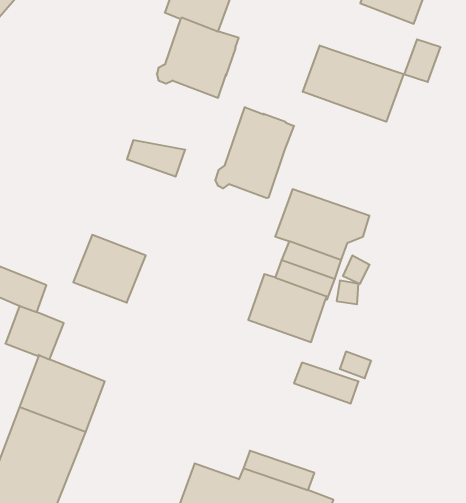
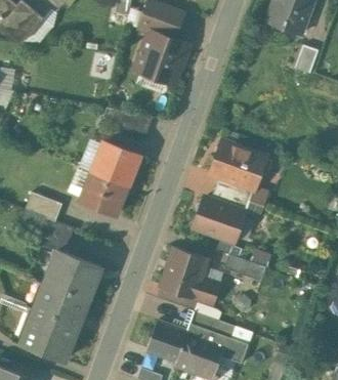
building: [303,45,404,122] -> none
building: [215,107,294,198] -> none
building: none -> [91,142,138,185]
building: none -> [160,248,219,305]

